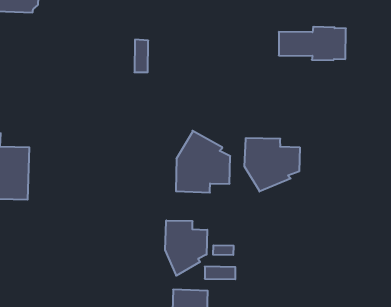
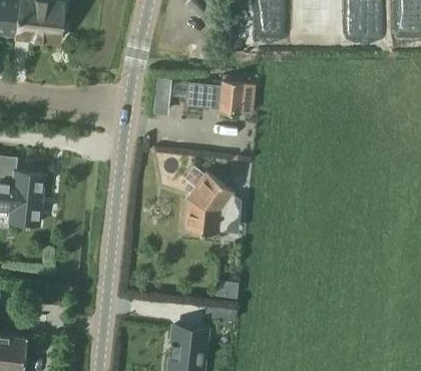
building: [279,27,346,60] -> [186,80,255,114]
building: [245,138,300,192] -> none
building: [165,220,207,276] -> none

